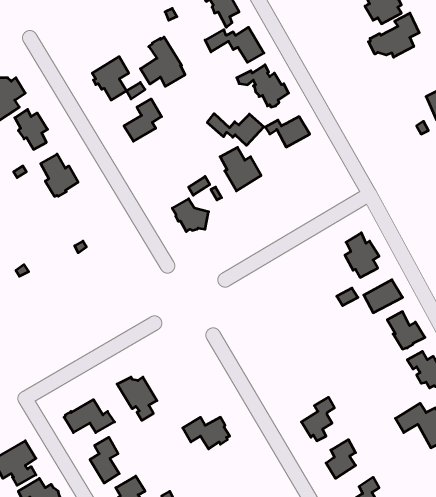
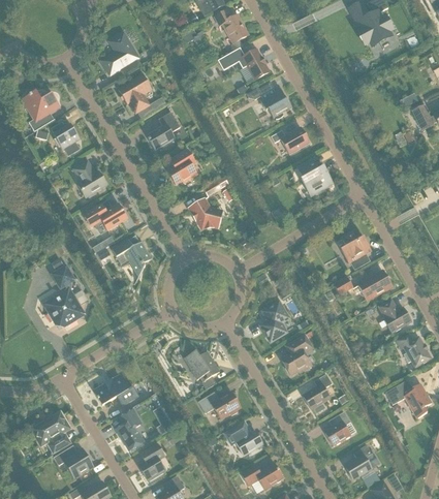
building: [368,13,419,57] -> none
building: [140,37,185,86] -> [102,33,142,76]
building: [207,114,264,145] -> none
building: none -> [167,149,197,185]
building: [220,147,261,191] -> [296,158,333,196]
building: none -> [84,199,127,229]
building: none -> [112,239,152,283]
building: none -> [42,267,84,328]
building: none -> [260,302,288,341]
building: none -> [281,335,312,375]
building: [117,377,157,420] -> [184,351,219,389]
building: none -> [227,428,262,455]

